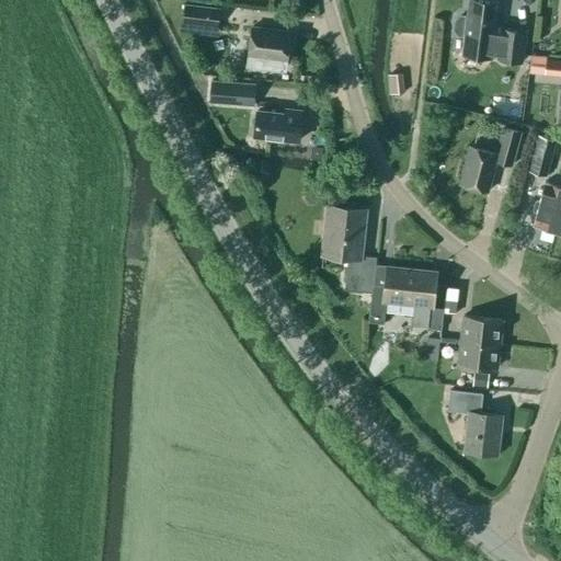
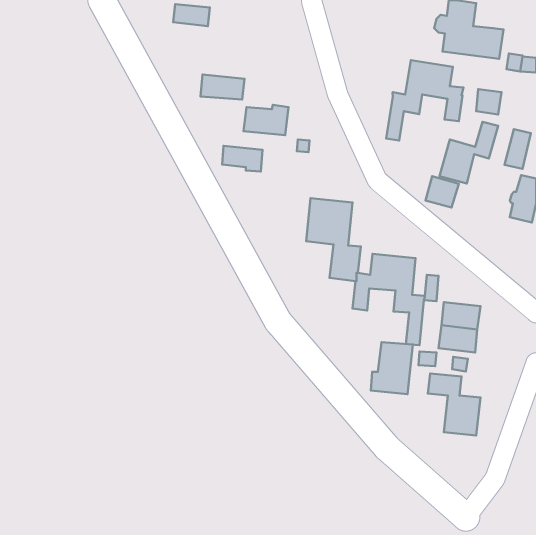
building: [248,28,290,72] -> none
building: none -> [386,60,463,141]
building: none -> [222,146,263,172]
building: none -> [425,176,459,208]
building: none -> [371,342,413,394]

